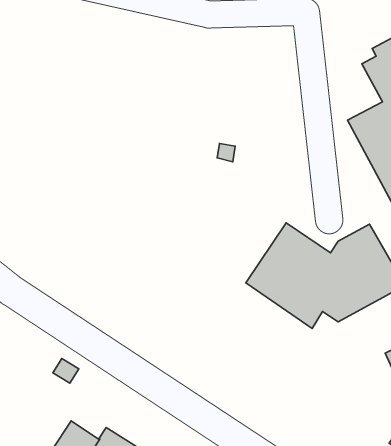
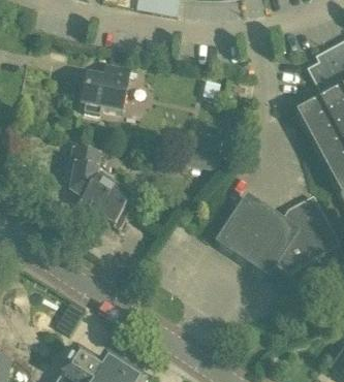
building: none -> [81,64,128,114]
building: none -> [69,146,133,228]

